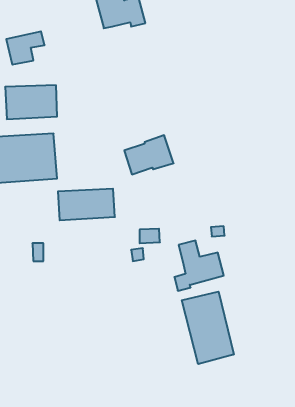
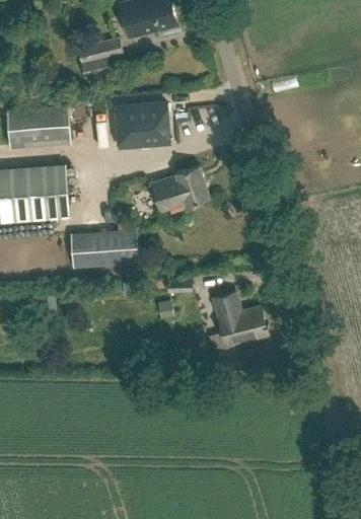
building: [6,31,45,65] -> [77,39,123,78]
building: none -> [114,103,167,148]
building: [182,292,234,364] -> none

